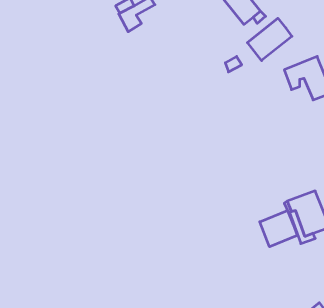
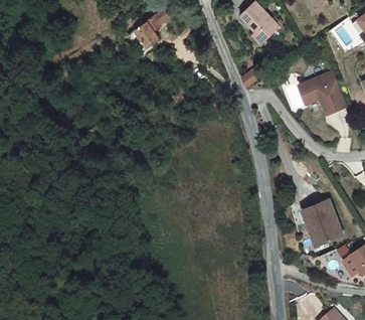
building: [247,18,292,61] -> none
building: [260,211,297,247] -> none

